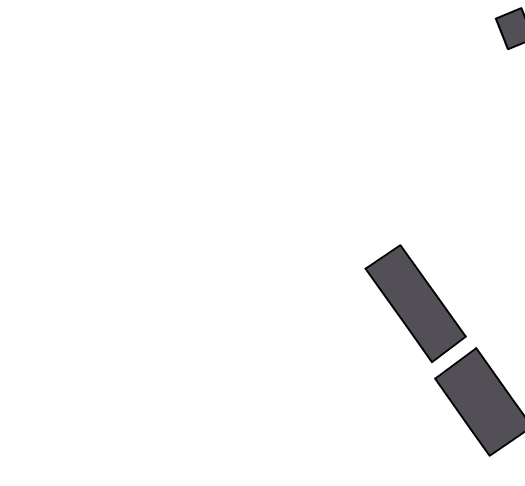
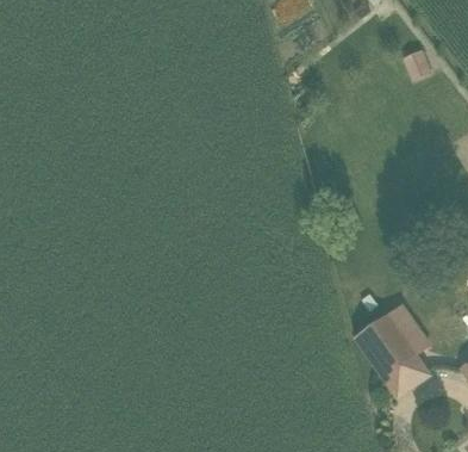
building: [365,245,466,362] -> none

